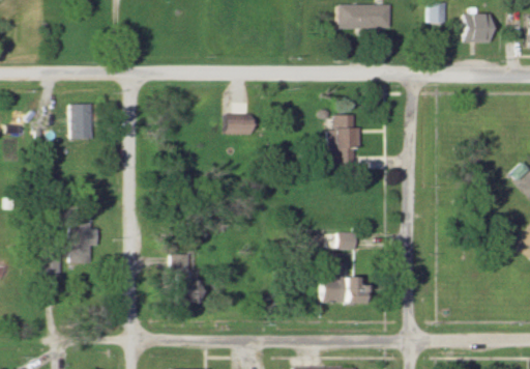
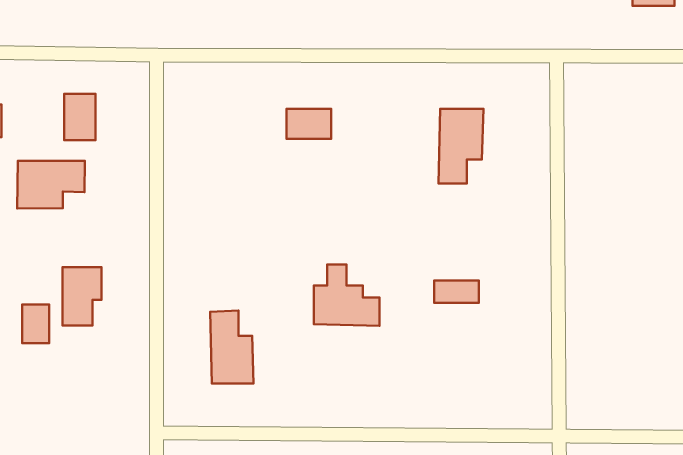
building: none -> [17,161,85,209]
building: [325,262,371,305] -> [314,264,379,326]

